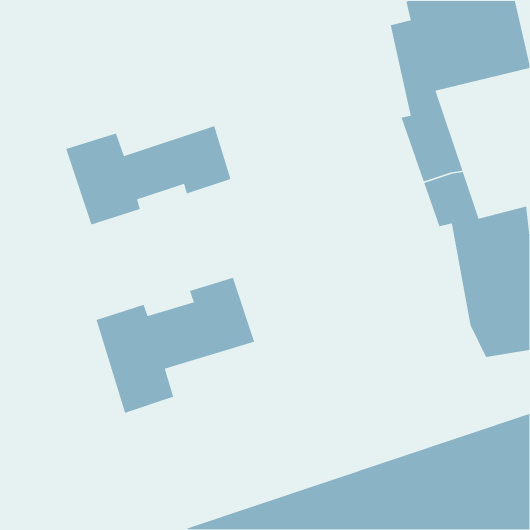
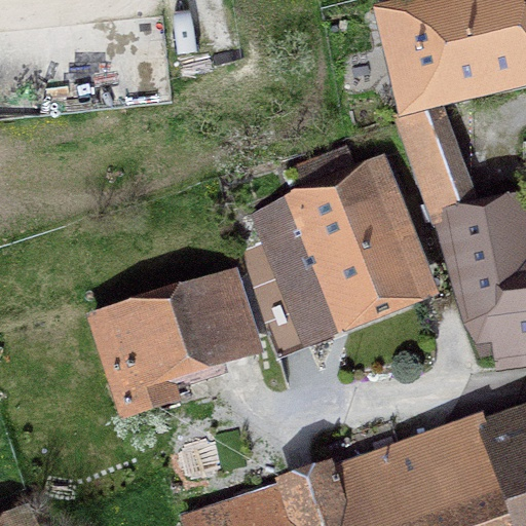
building: [65,125,231,225] -> none
building: none -> [258,149,430,334]

